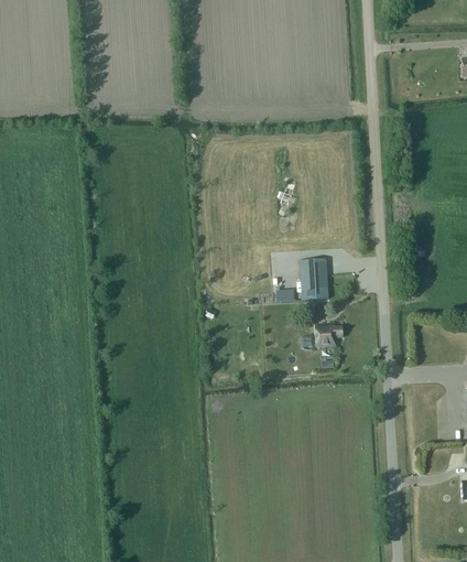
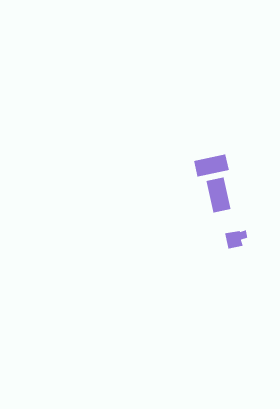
building: none -> [193,153,230,178]

